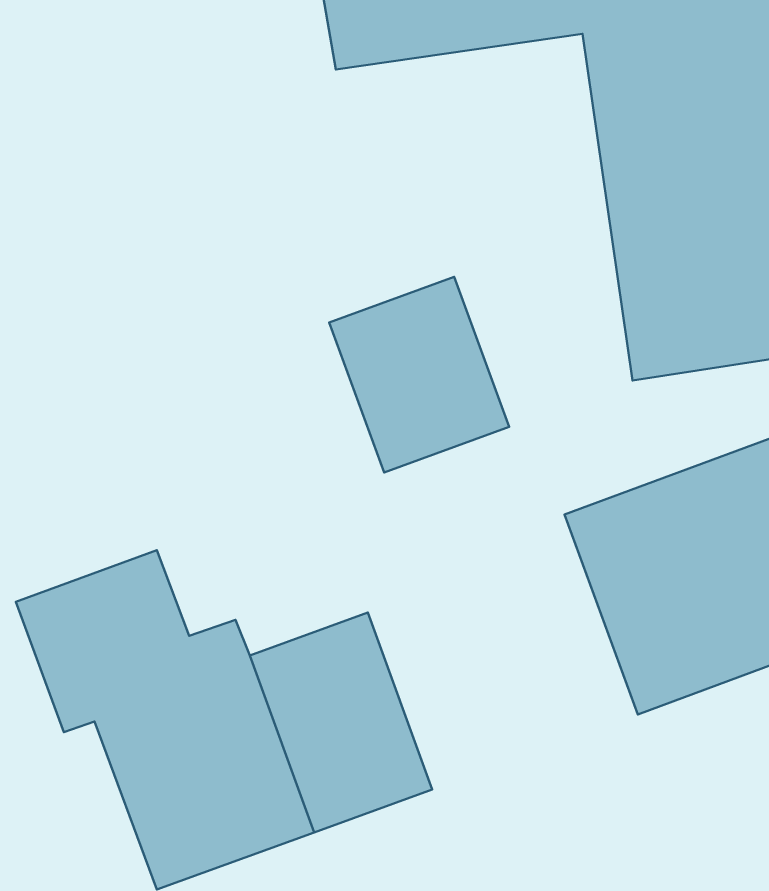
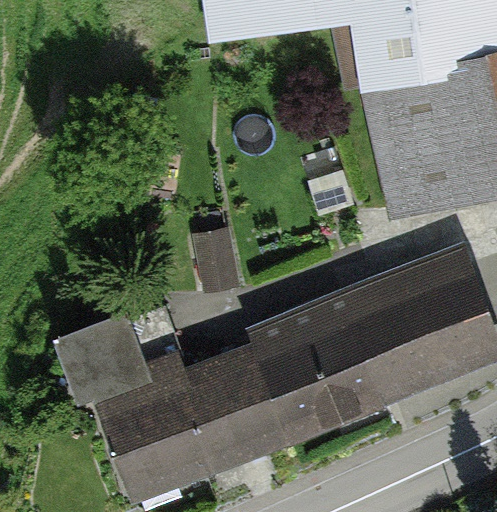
building: [329,277,509,472] -> none
building: none -> [238,290,394,444]

